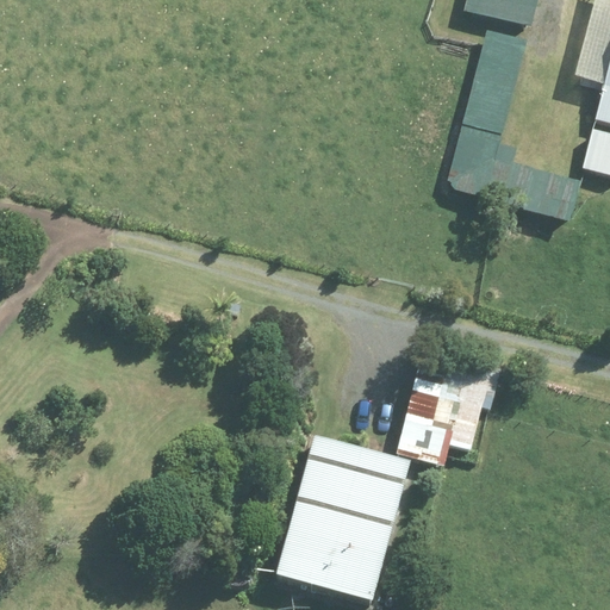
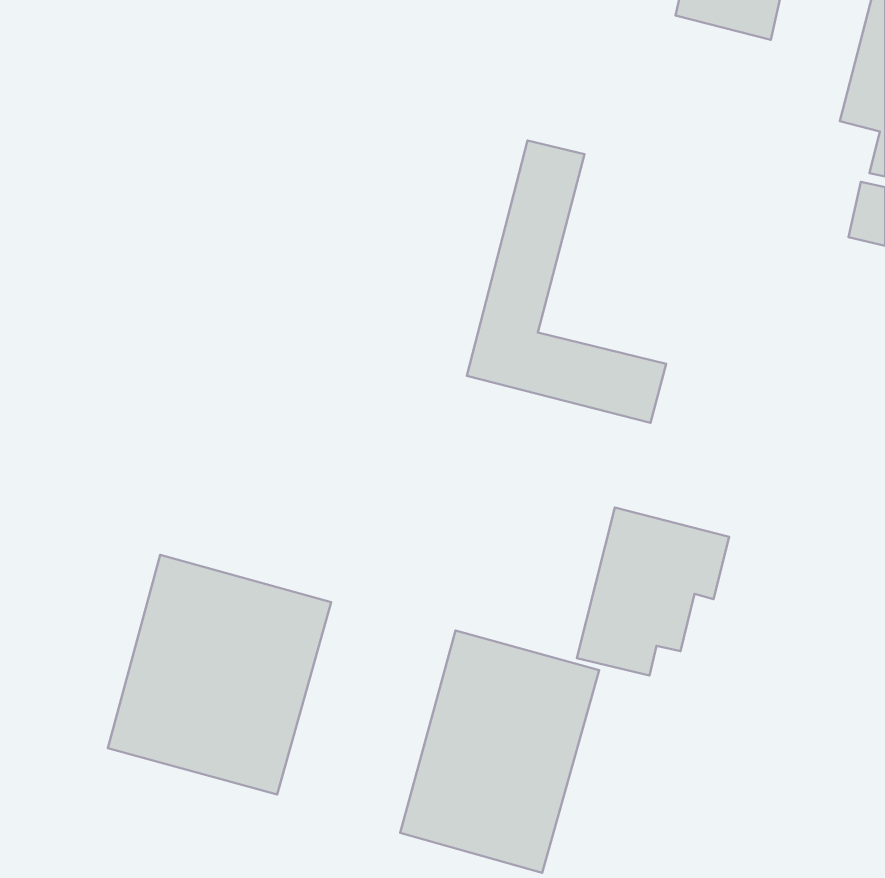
building: [444,29,581,223] -> [467,140,666,423]
building: none -> [108,555,331,795]

